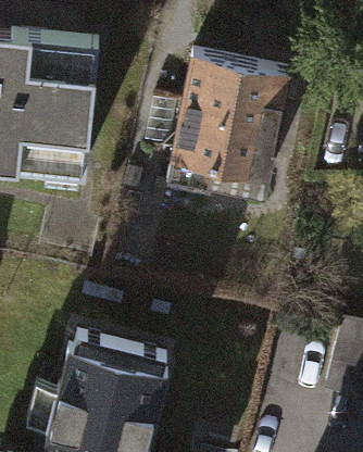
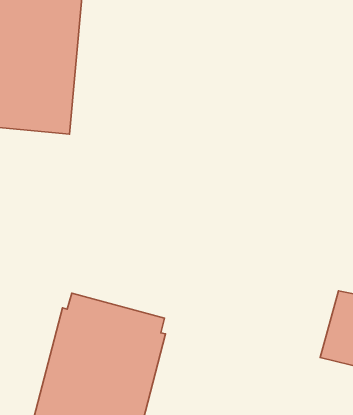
building: [180,62,292,198] -> none

